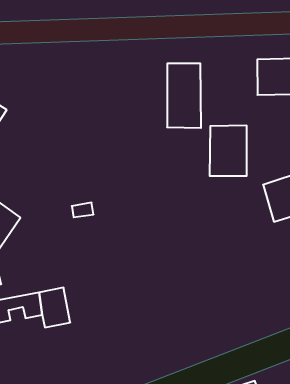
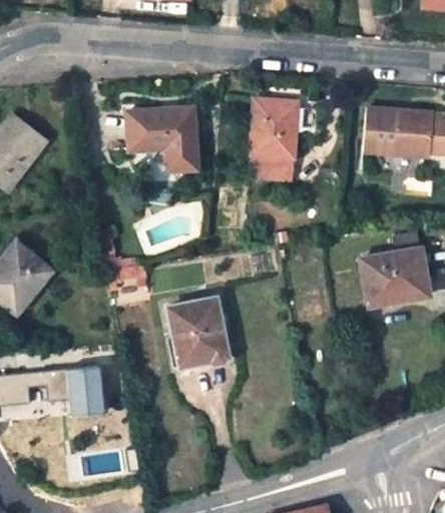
building: none -> [129,108,195,170]
building: [210,125,247,176] -> none
building: none -> [170,298,229,368]

